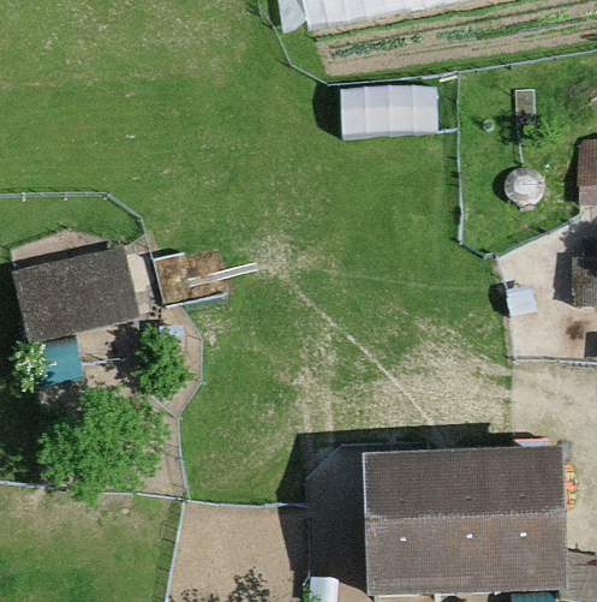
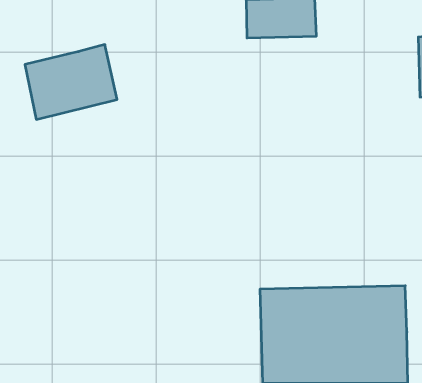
building: [12,242,139,345] -> [25,45,117,119]

